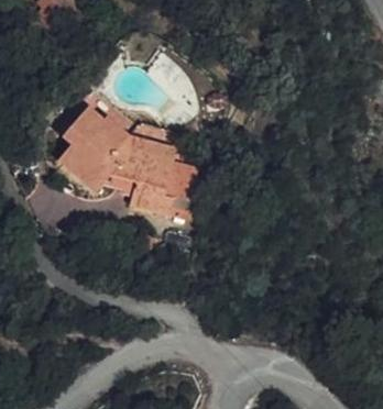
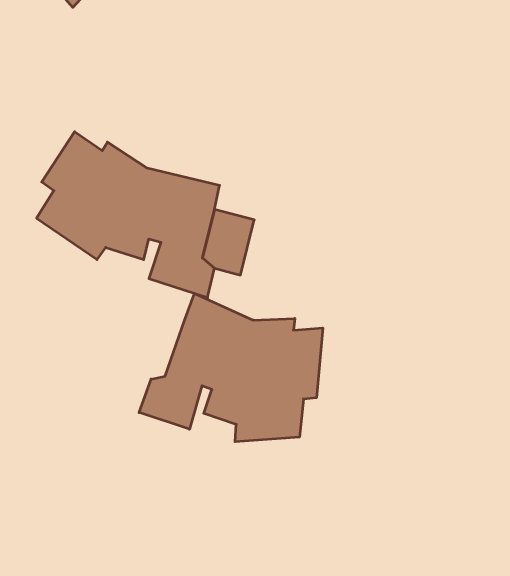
building: none -> [139,293,323,442]

